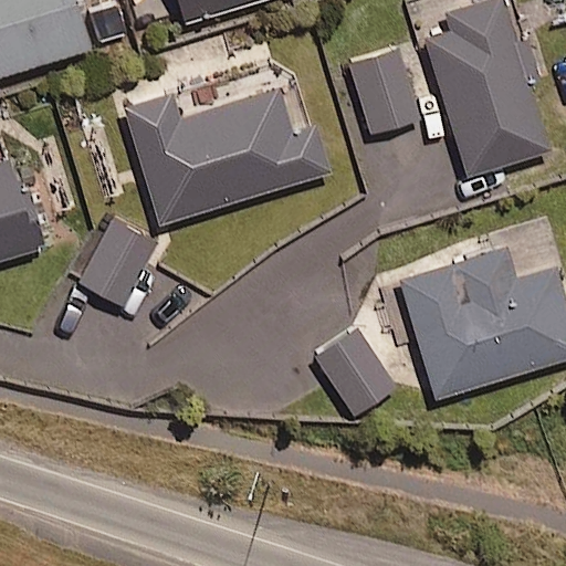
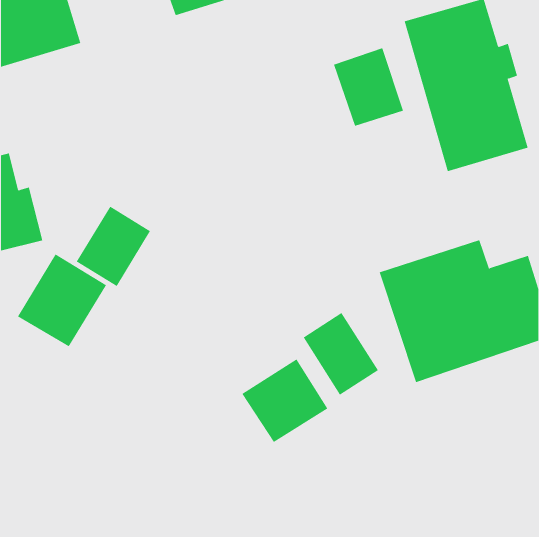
building: [117,87,325,223] -> none
building: none -> [17,253,107,347]
building: none -> [242,358,328,443]

